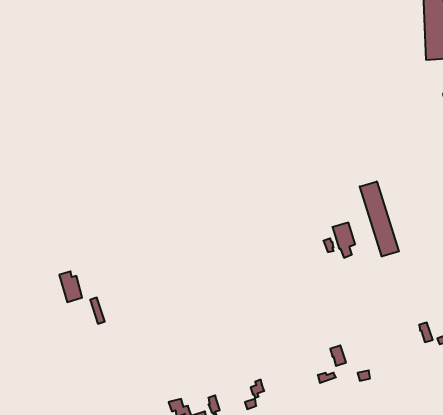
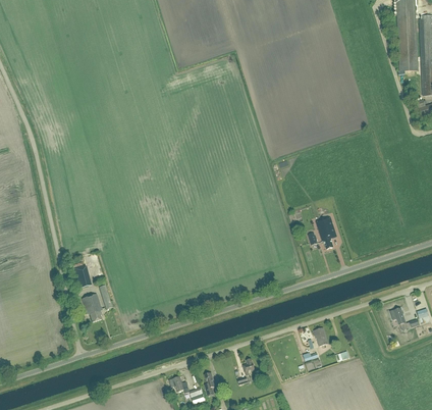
building: [360,181,399,257] -> none
building: none -> [80,293,101,321]

